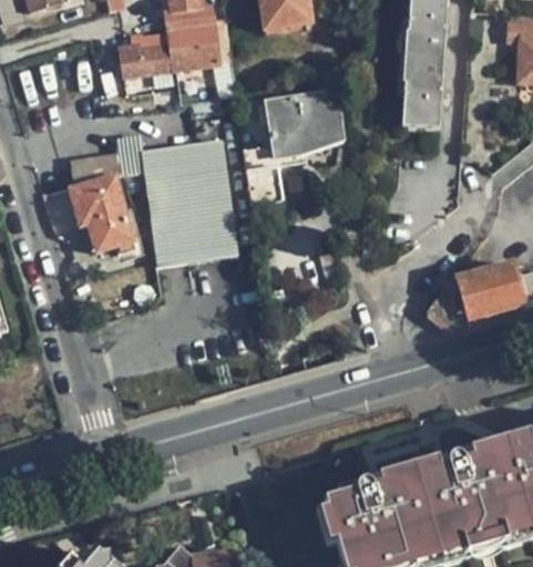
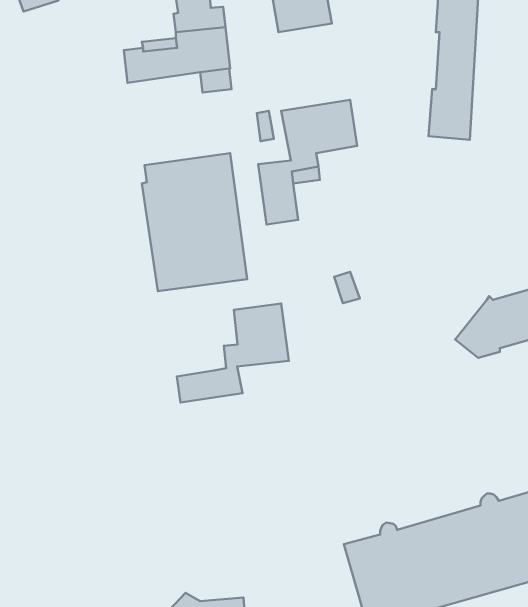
building: [70,152,144,255] -> none
building: none -> [177,303,289,403]

